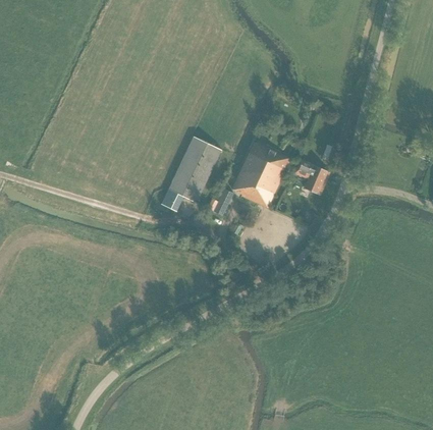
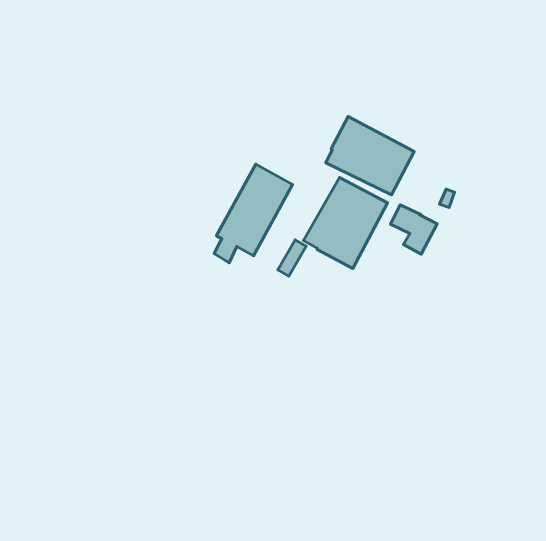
building: none -> [326,116,414,195]

